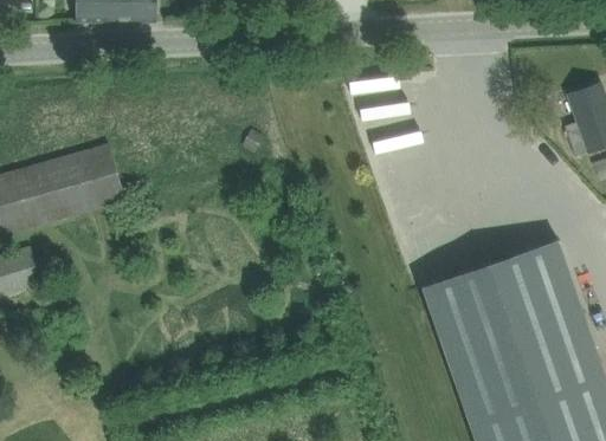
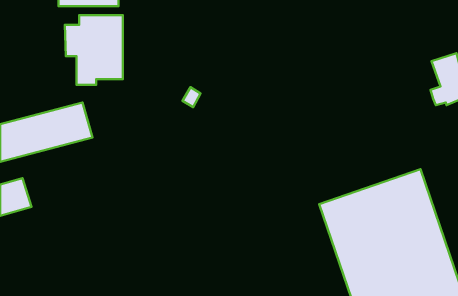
building: none -> [65,15,123,85]

